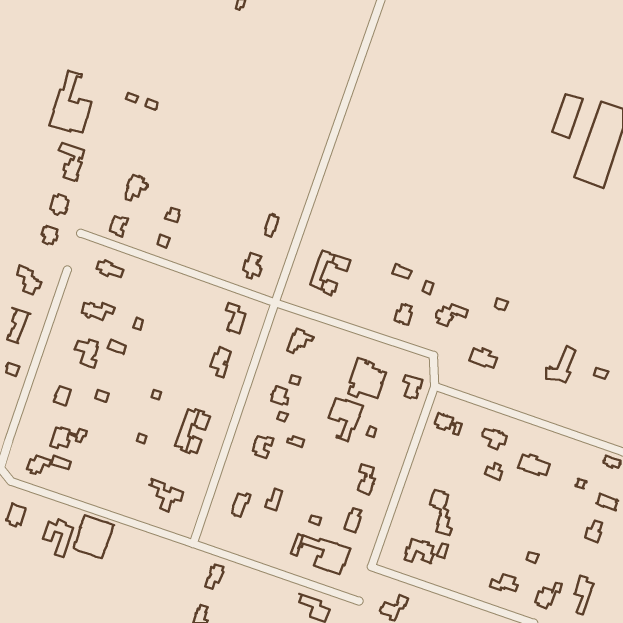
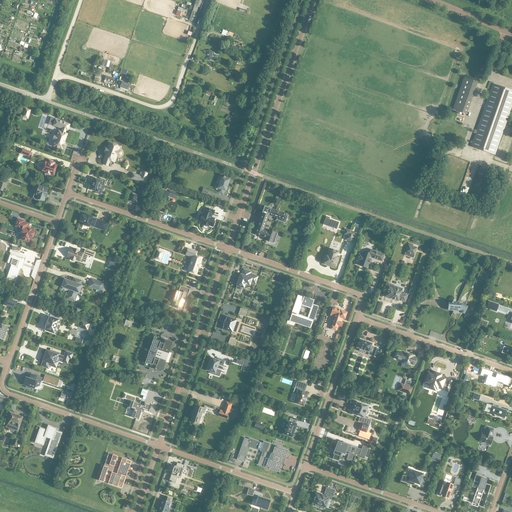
building: [49,70,91,132] -> none
building: [329,398,363,441] -> none
building: [74,515,114,558] -> [98,452,131,487]

